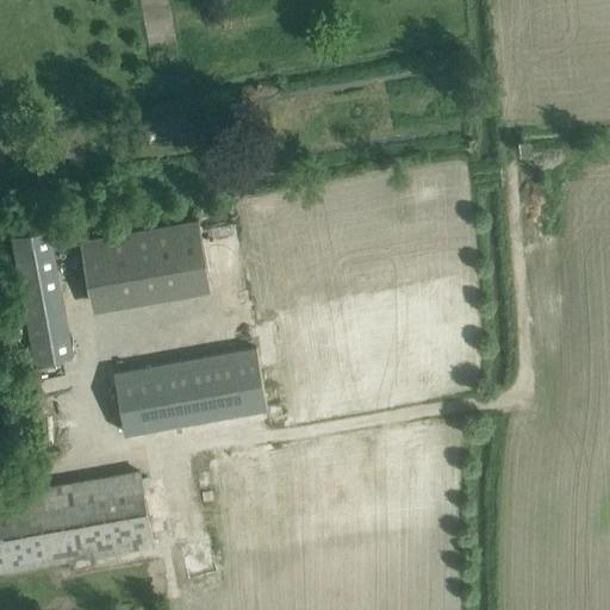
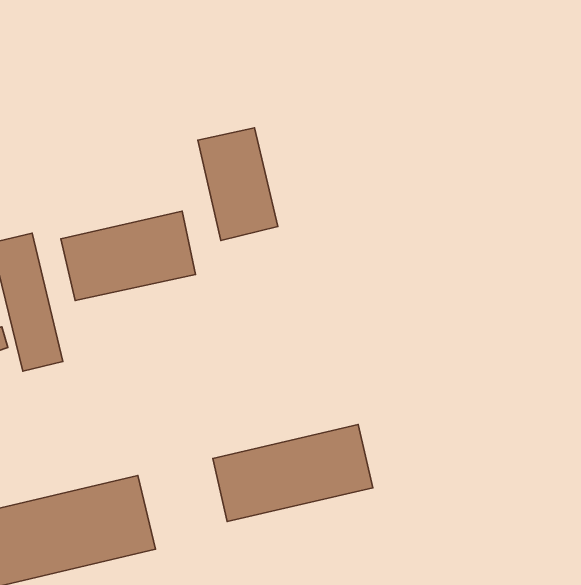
building: none -> [198,128,278,240]
building: [112,350,266,437] -> [213,425,373,522]

